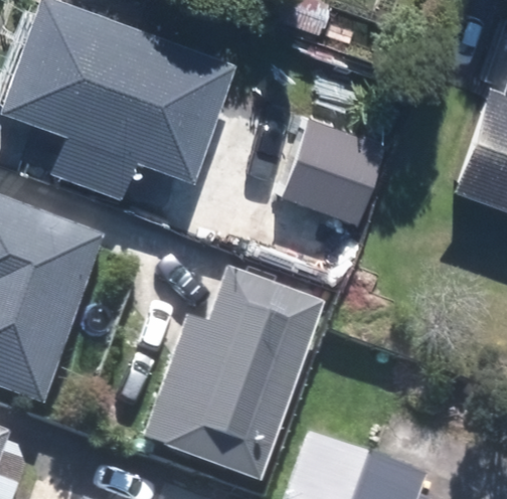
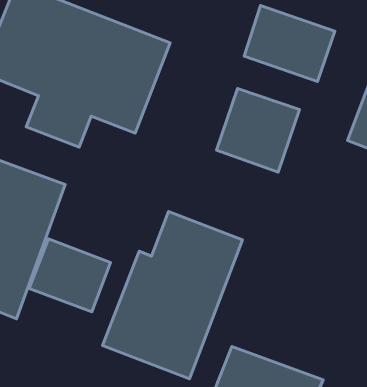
building: none -> [244,5,335,81]
building: none -> [29,239,111,312]

